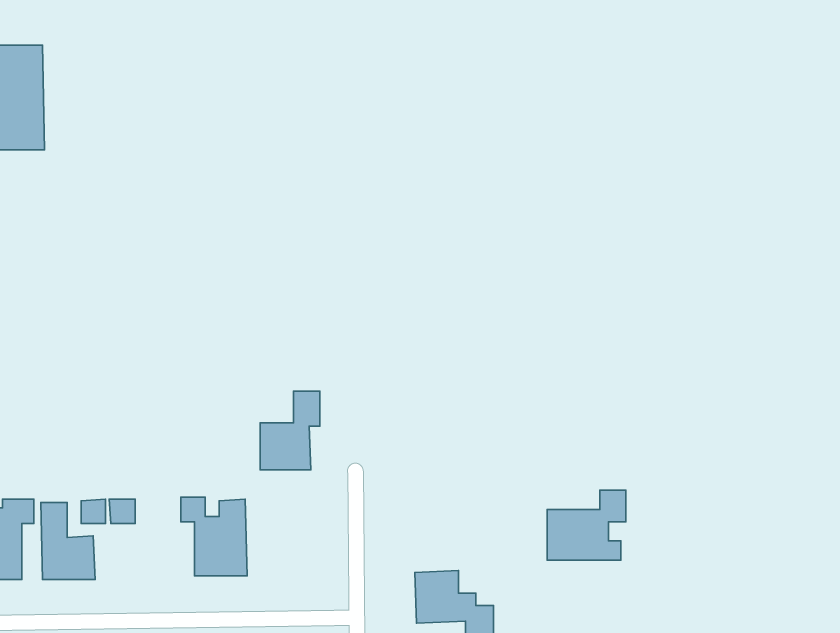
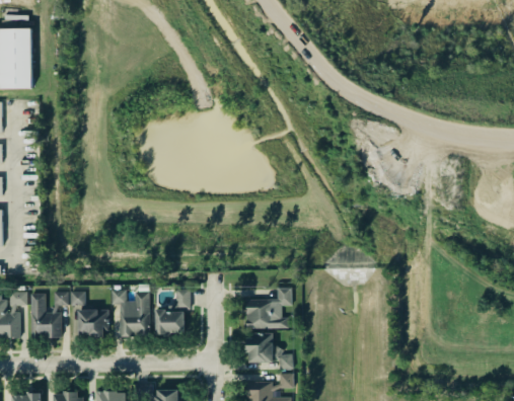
building: [260,391,320,470] -> [156,289,191,334]
building: [547,490,626,560] -> [246,288,292,328]
building: none -> [78,309,108,334]

